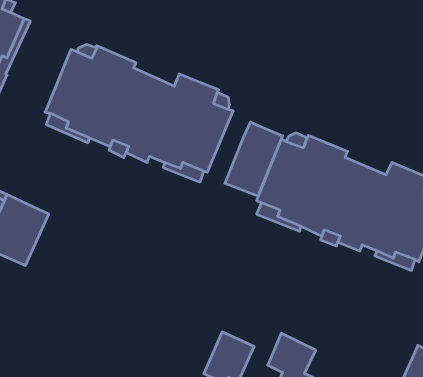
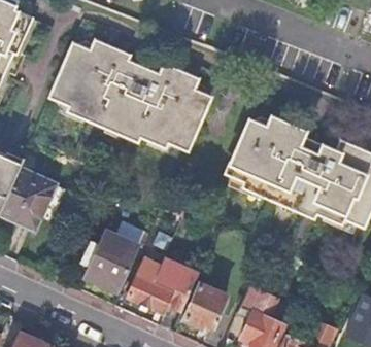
building: [225,122,283,196] -> none
building: none -> [80,232,137,292]
building: none -> [126,257,194,315]

